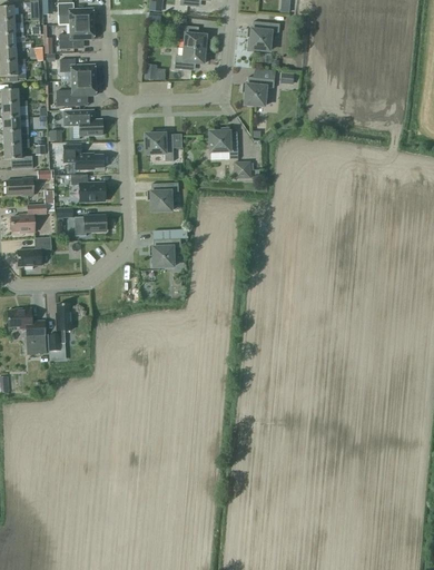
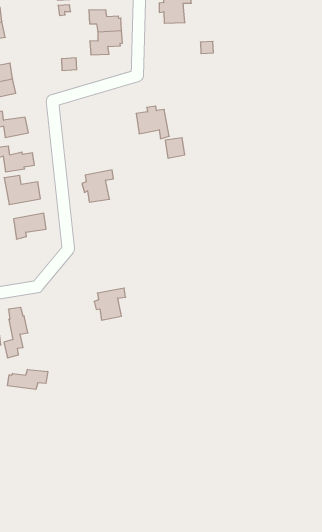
building: [241,76,274,106] -> none
building: [145,129,174,161] -> none
building: [149,238,180,266] -> [94,288,126,320]
building: none -> [8,369,48,389]

